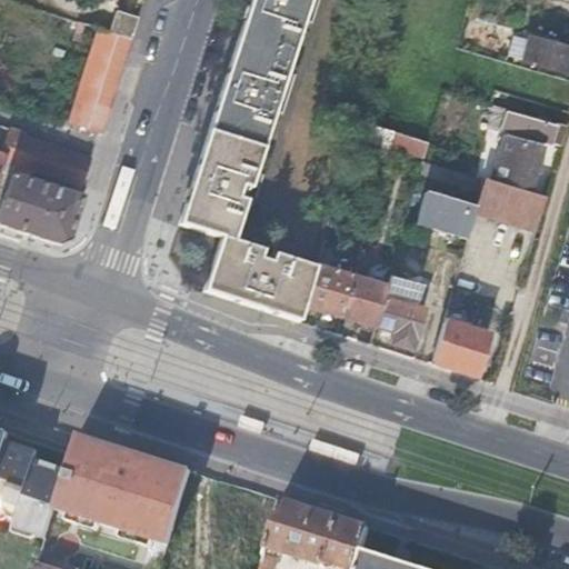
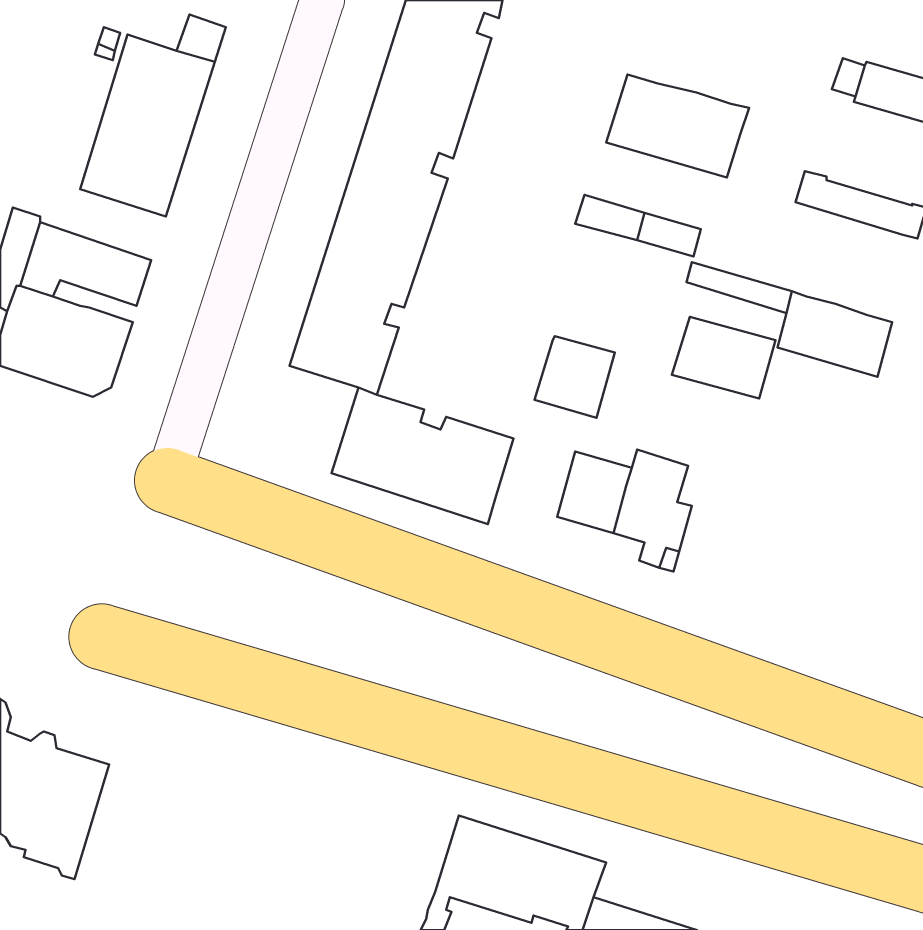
building: none -> [606,75,749,178]
building: [497,136,547,192] -> none
building: [307,266,356,316] -> [535,336,615,418]
building: [436,293,491,377] -> none
building: [59,432,199,545] -> none

